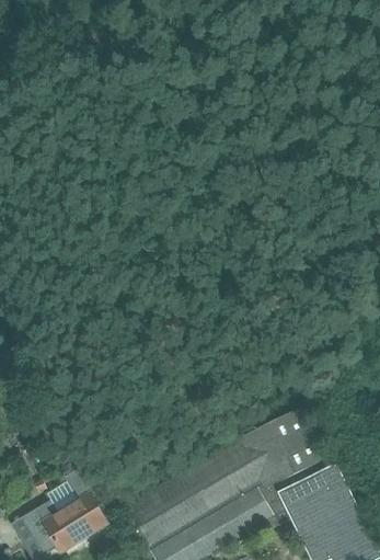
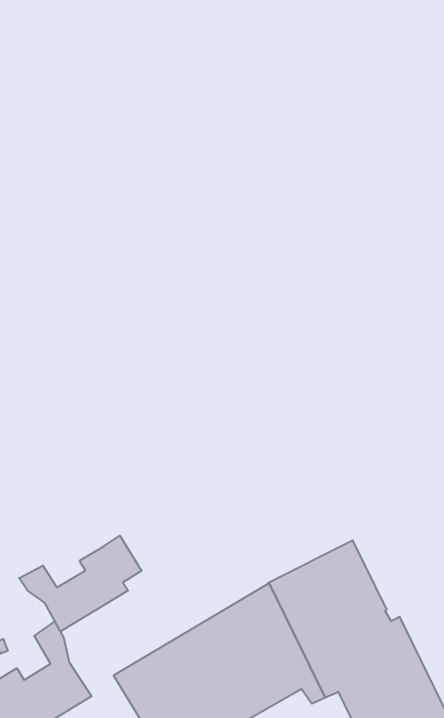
building: none -> [19,536,142,631]

